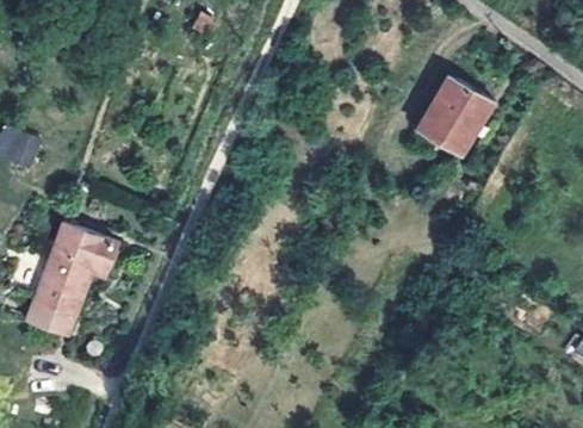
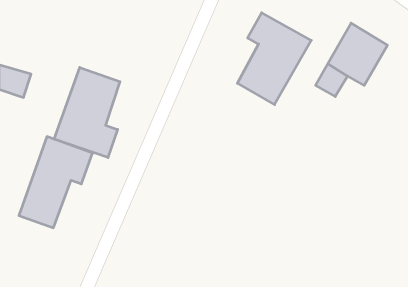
building: none -> [237,13,311,105]
building: none -> [54,67,120,158]

